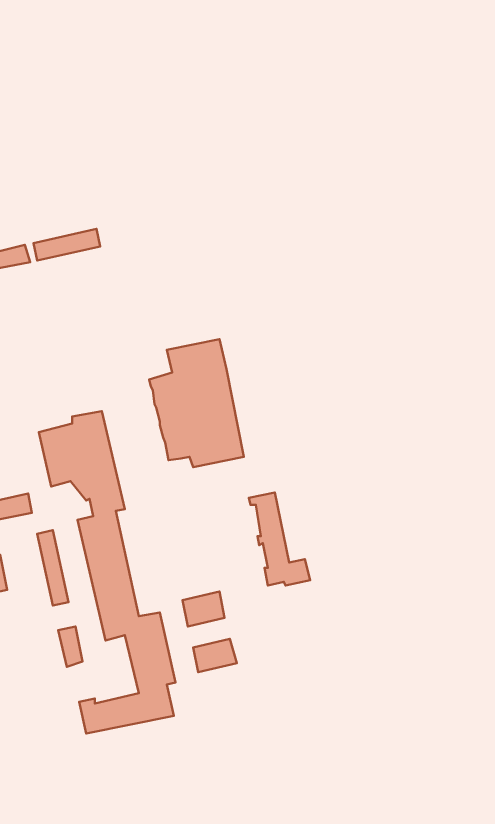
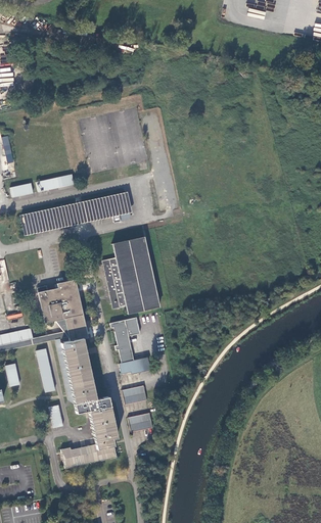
building: none -> [20,189,129,236]
building: [249,493,310,585] -> [109,319,145,373]

